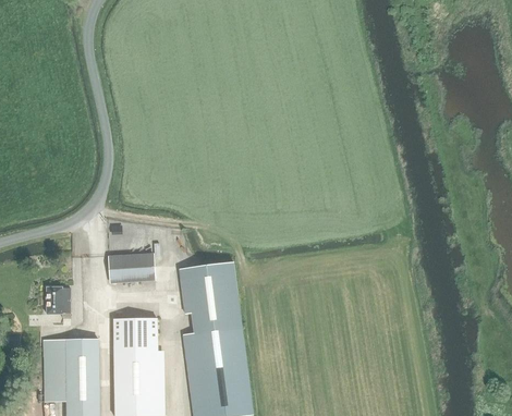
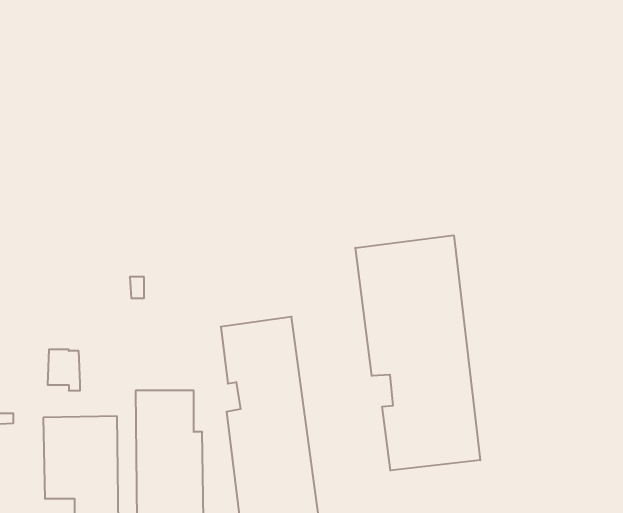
building: none -> [355,235,480,471]
building: [107,243,158,282] -> none

